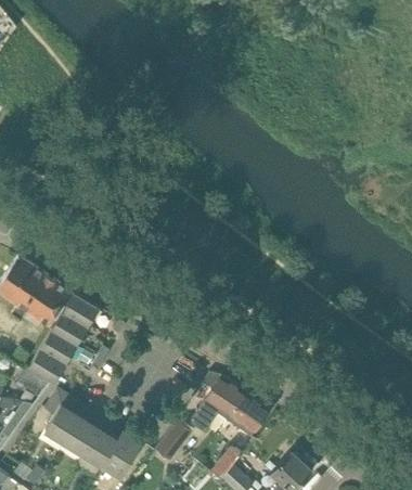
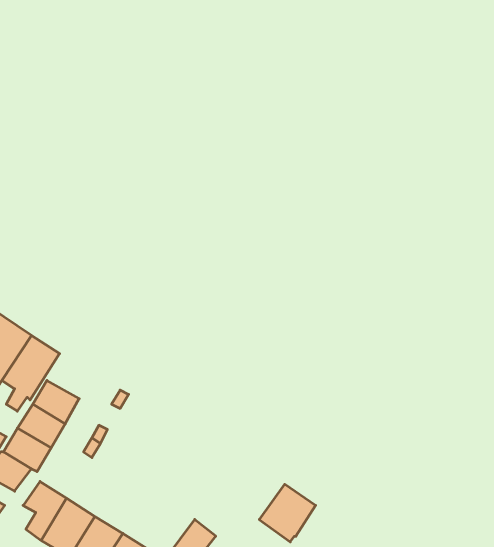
building: [62,293,99,326] -> none
building: [188,375,245,434] -> none

